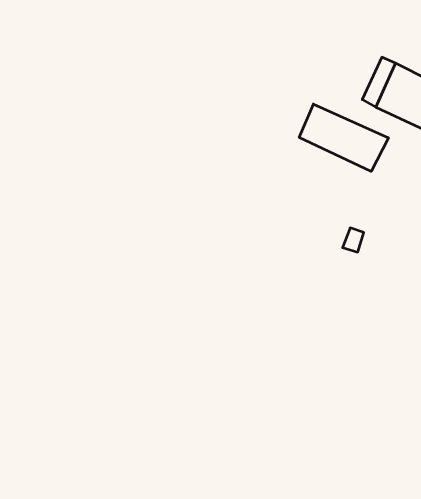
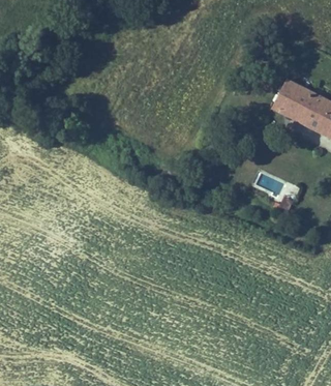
building: [299,104,388,171] -> none

